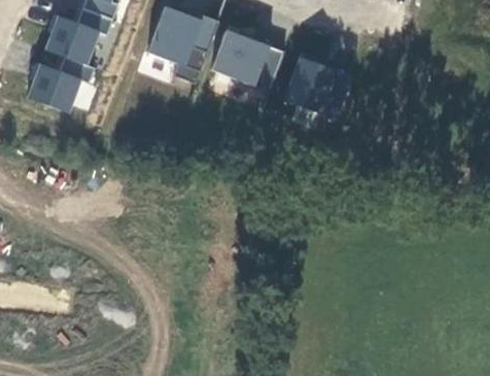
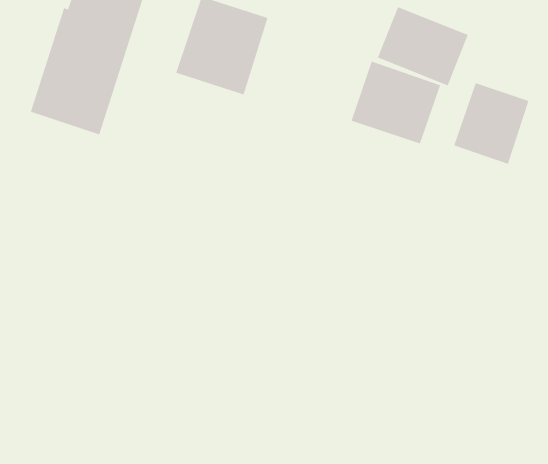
building: [211,27,284,91] -> [377,6,469,87]
building: none -> [453,82,530,165]

